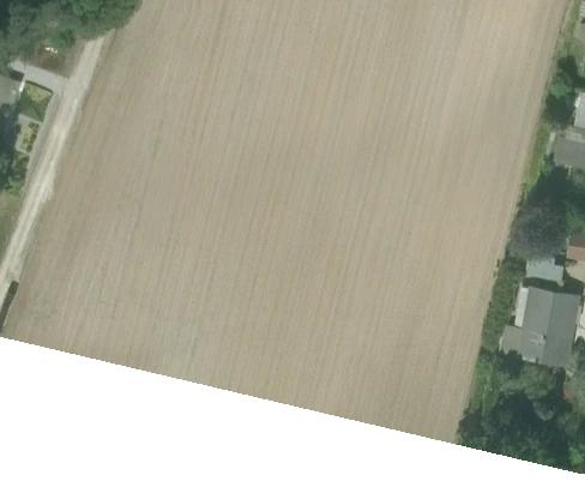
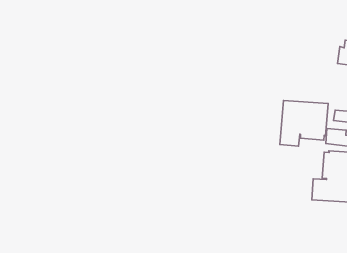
building: none -> [280,100,328,146]

